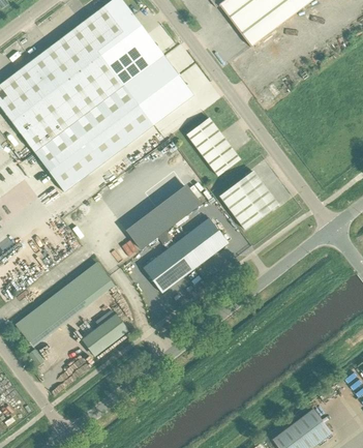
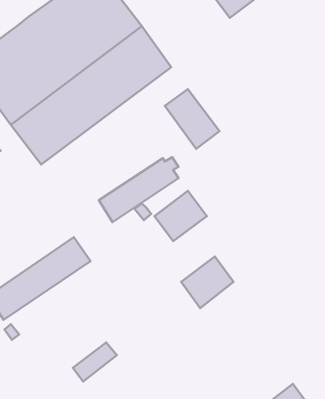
building: [219,171,278,229] -> none
building: [143,242,194,293] -> [181,257,234,308]
building: [85,317,128,355] -> [73,343,117,381]

